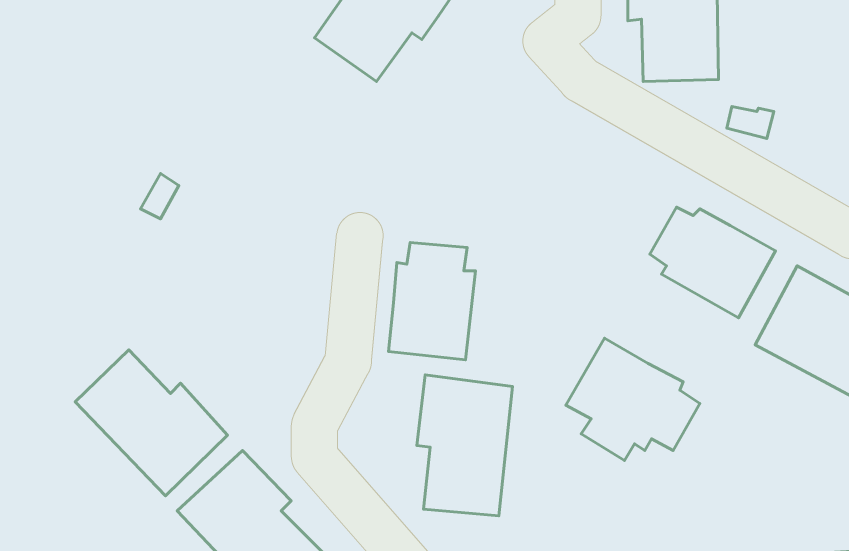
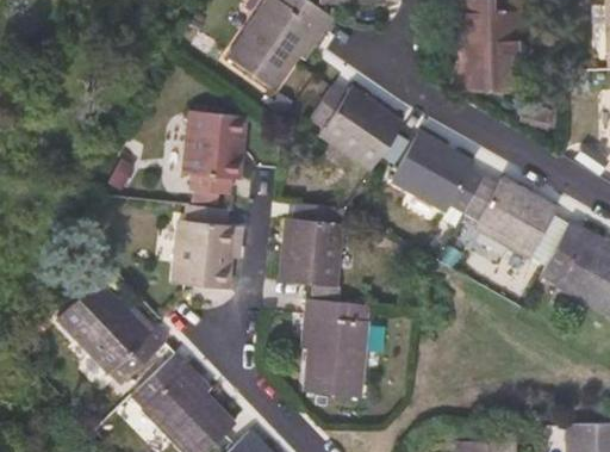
building: none -> [311,85,403,169]
building: none -> [185,111,245,194]
building: none -> [174,205,235,289]
building: [566,338,700,461] -> [391,132,486,219]

